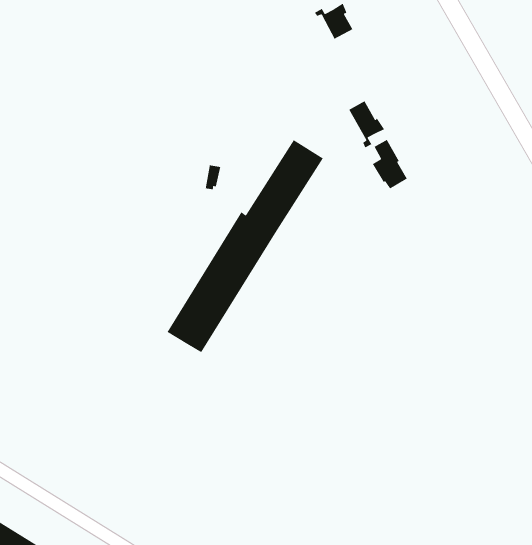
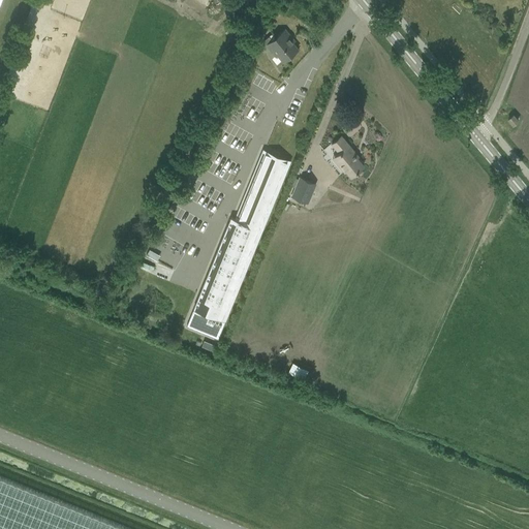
building: [348,100,385,148] -> none
building: none -> [291,179,316,206]

